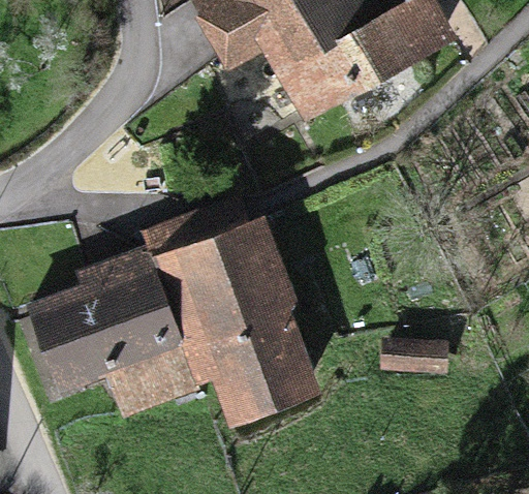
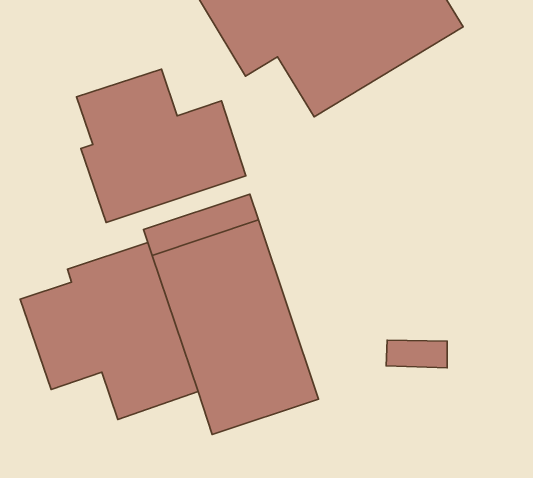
building: none -> [77,69,246,223]

